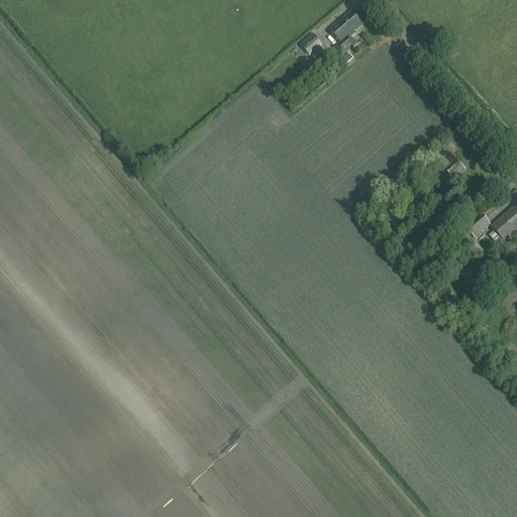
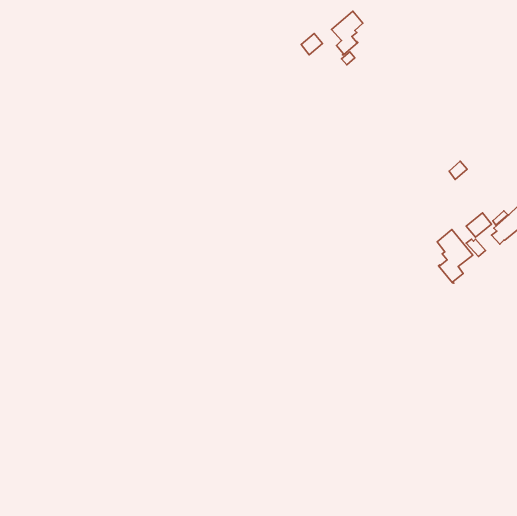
building: none -> [437,229,473,283]

